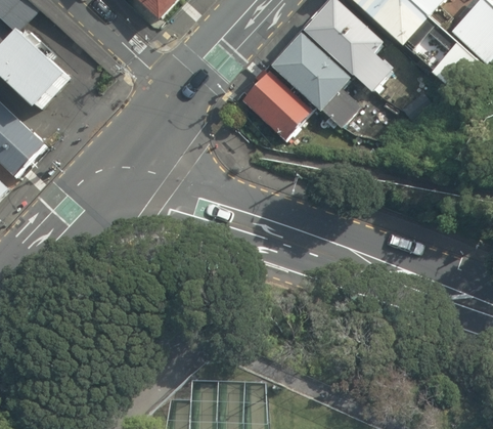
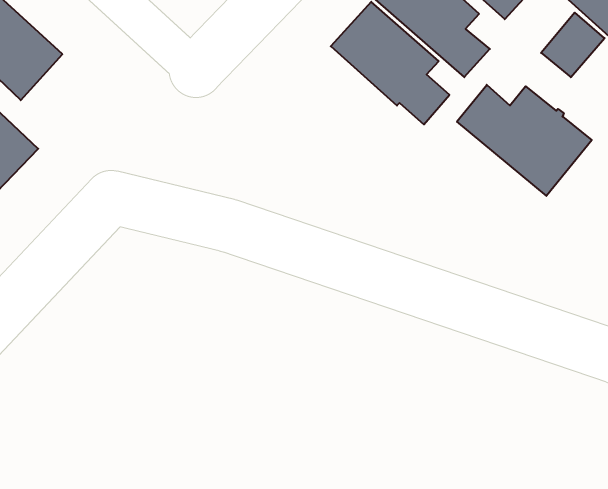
building: [241,68,310,138] -> none
building: none -> [457,85,592,196]

